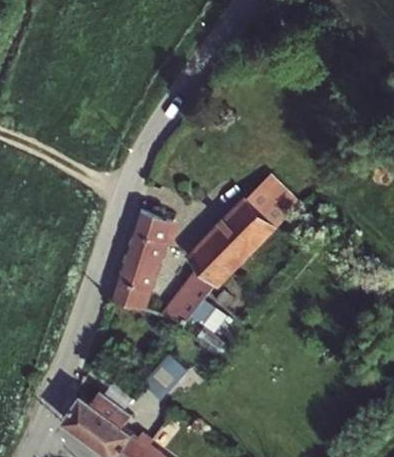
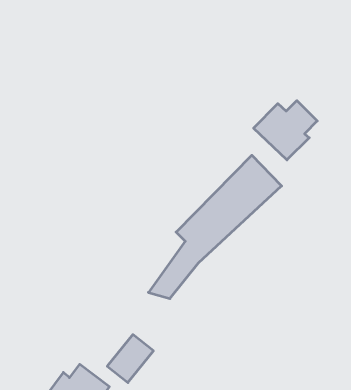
building: none -> [254,101,317,160]
building: [112,208,175,308] -> none

